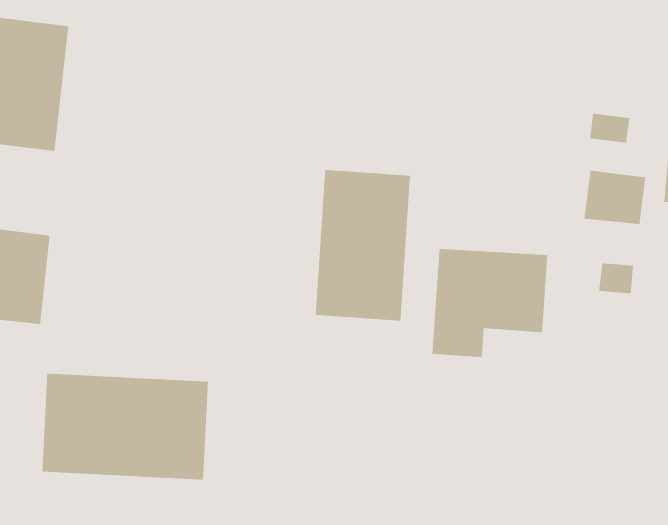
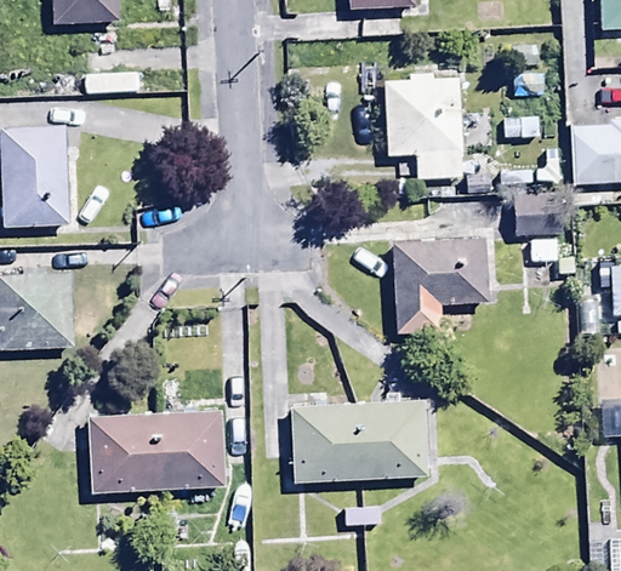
building: none -> [384,79,462,188]
building: [315,169,411,321] -> none
building: none -> [287,386,426,463]

